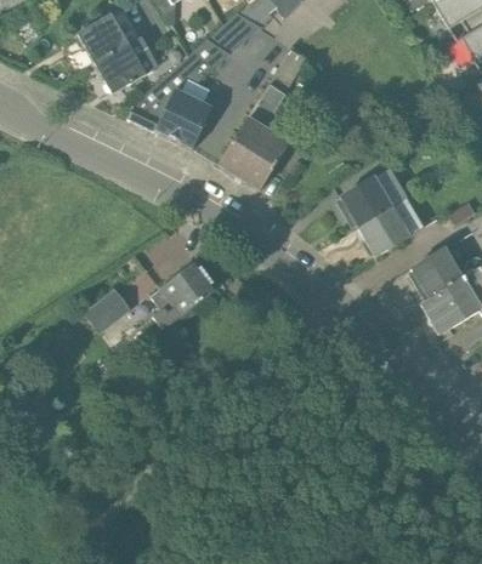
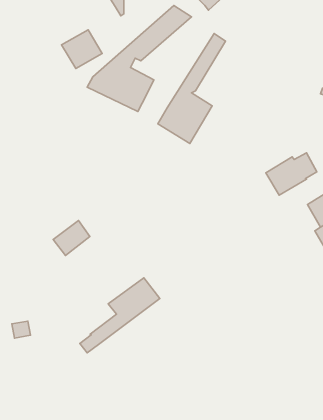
building: [79,12,130,61] -> none
building: [338,175,393,226] -> none
building: [114,261,217,358] -> [80,278,160,353]

